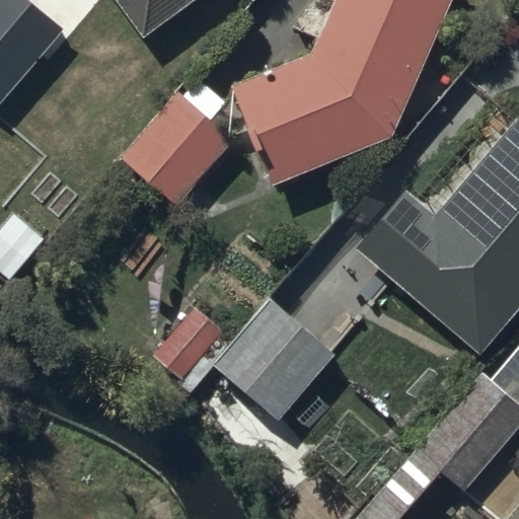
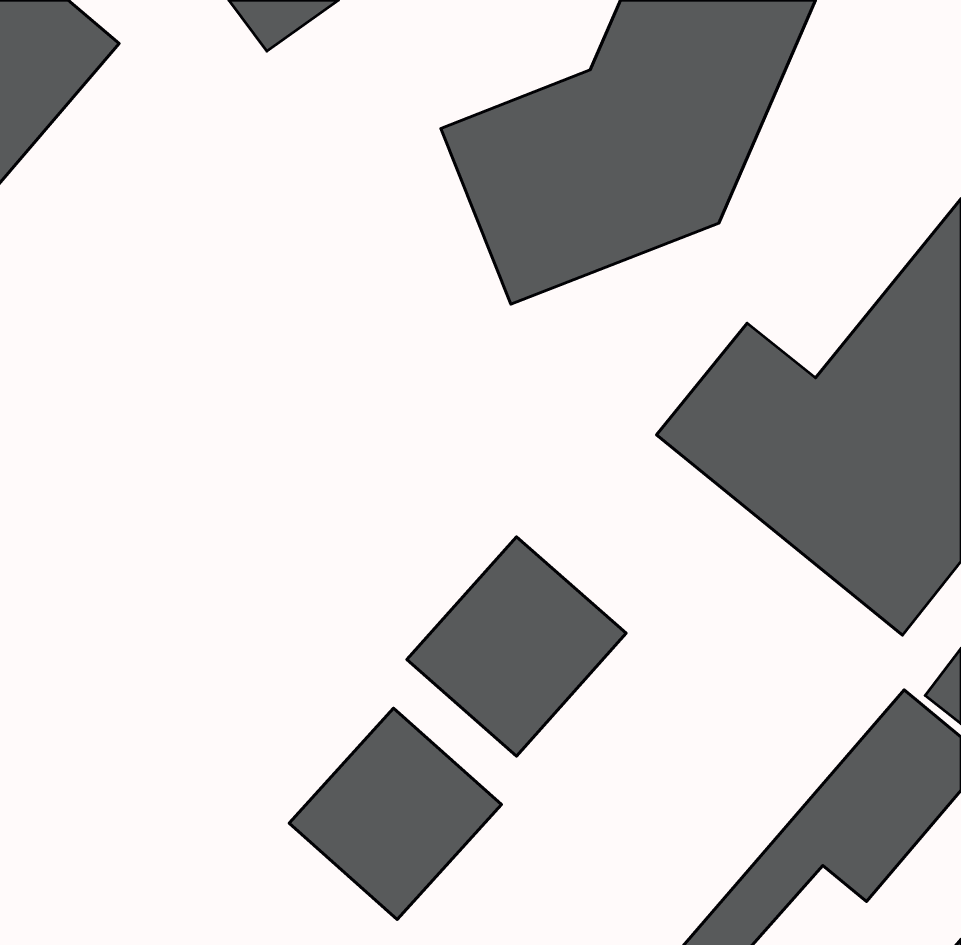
building: [124,84,236,208] -> none
building: none -> [289,708,501,920]

